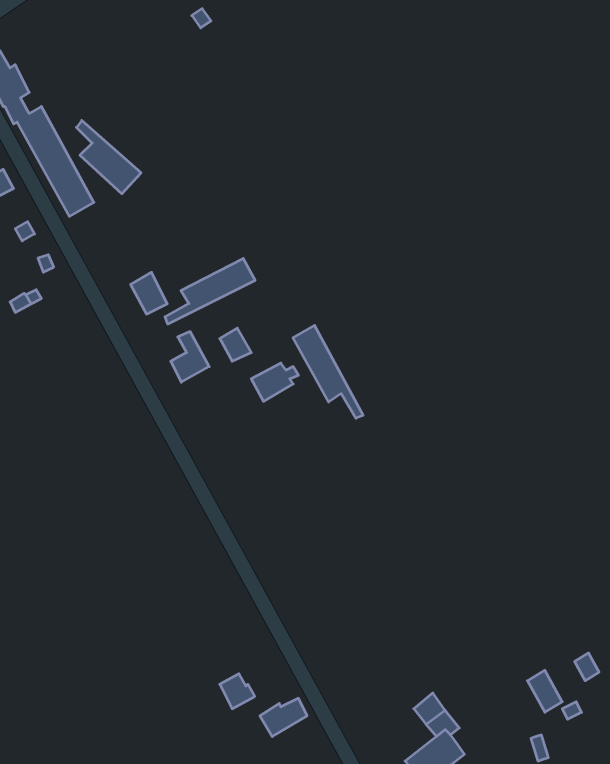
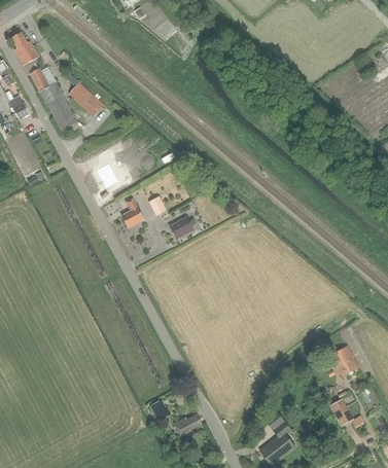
building: [165,258,255,324] -> none
building: [293,325,363,418] -> none
building: none -> [331,346,357,375]

